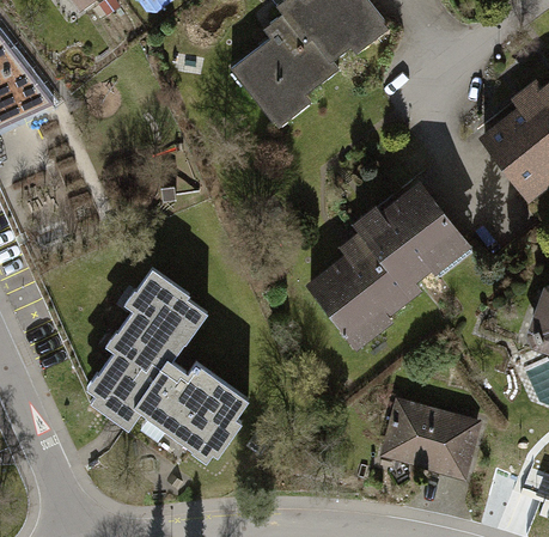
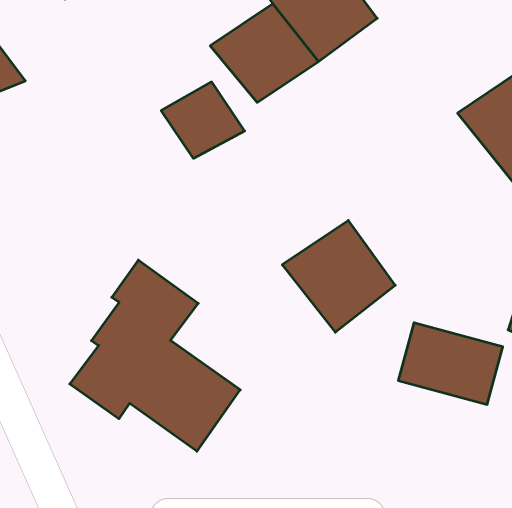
building: none -> [161,82,245,158]
building: [356,182,470,297] -> none
building: [377,396,481,477] -> [398,323,503,404]

